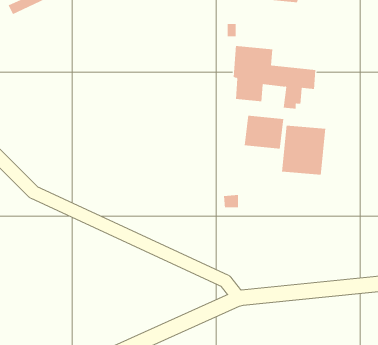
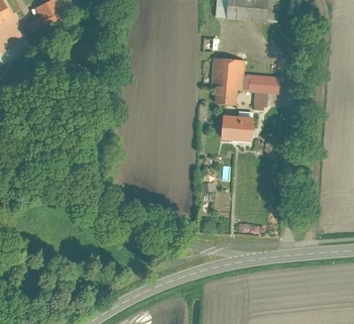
building: [282,125,326,175] -> none

